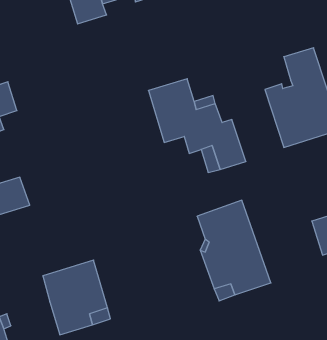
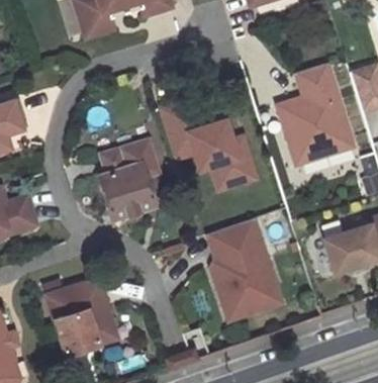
building: none -> [99,140,158,217]

